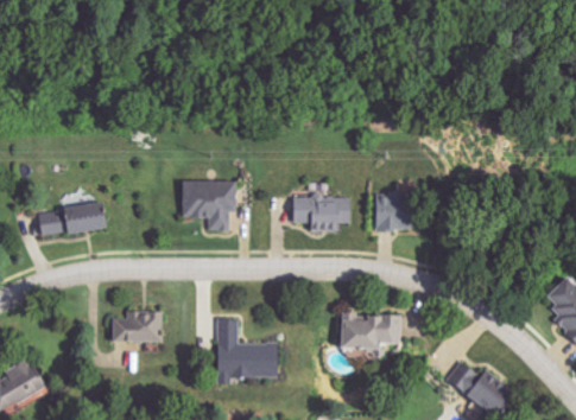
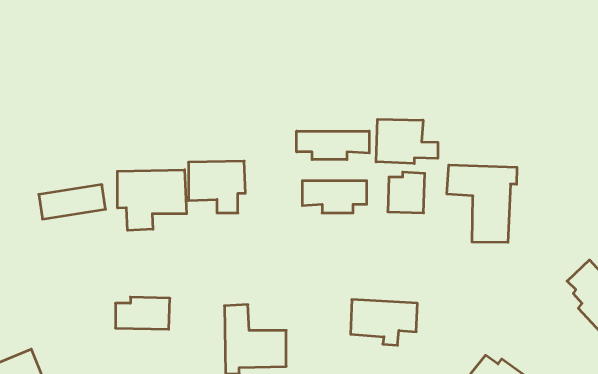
building: none -> [376,119,438,164]
building: none -> [297,131,369,160]
building: none -> [447,165,517,242]
building: none -> [117,170,187,230]

